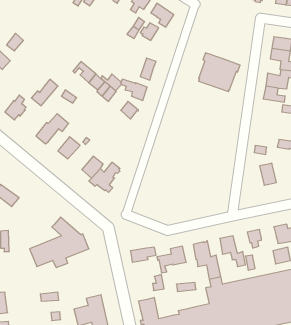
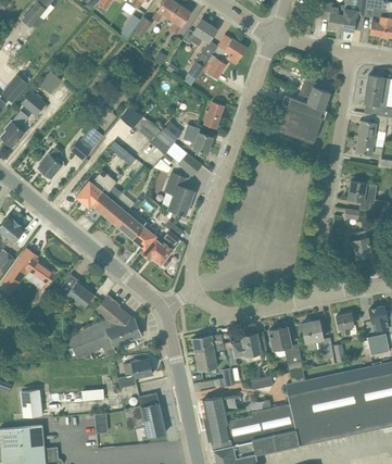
building: none -> [299,78,330,109]
building: none -> [164,172,193,214]
building: none -> [347,180,375,201]
building: none -> [91,185,122,215]
building: none -> [115,209,147,238]
building: none -> [62,274,93,309]
building: none -> [194,343,226,371]
building: none -> [117,359,152,388]

